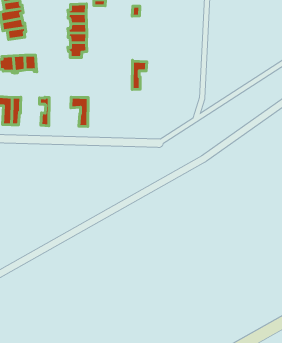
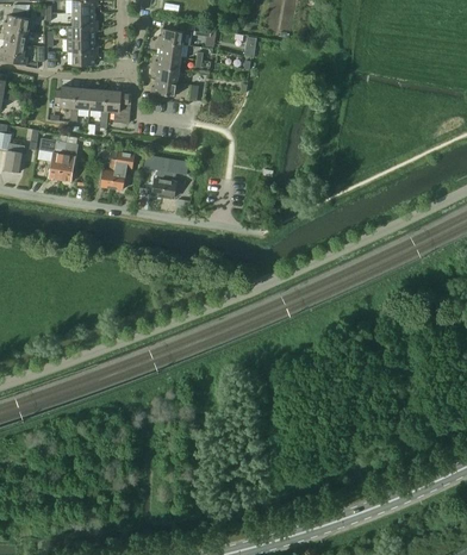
building: none -> [104,91,131,123]
building: [132,60,147,89] -> [162,157,187,198]
building: none -> [110,149,135,189]

